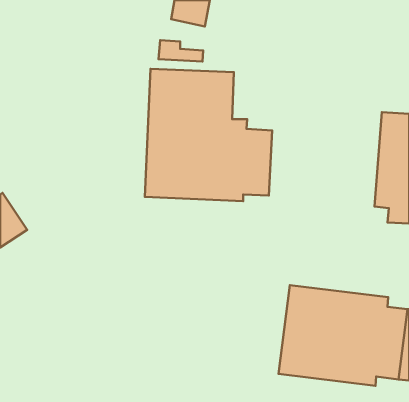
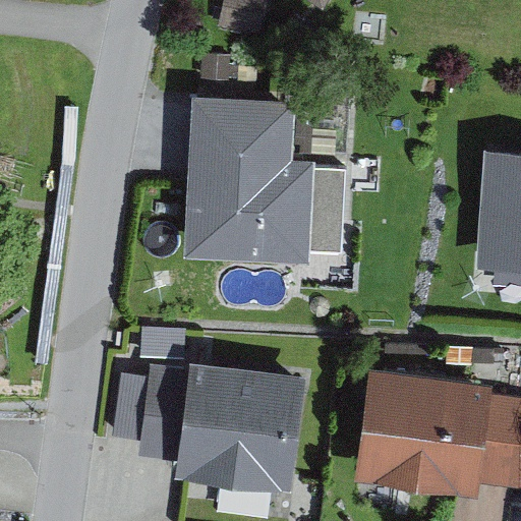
building: none -> [112,362,305,491]

